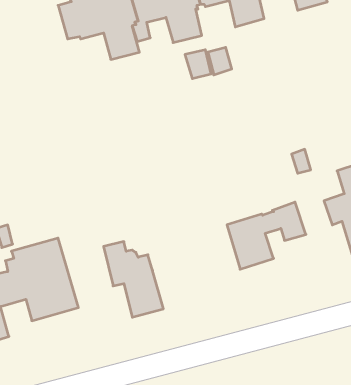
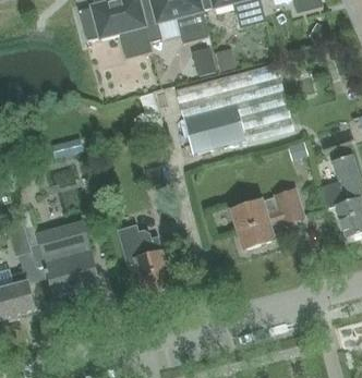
building: none -> [176,63,294,155]

